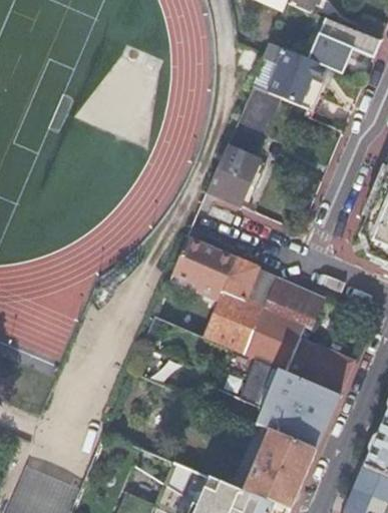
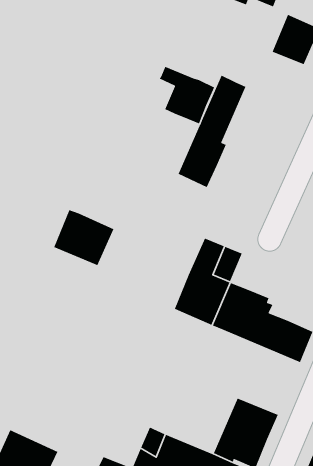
building: [264,44,325,107] -> [158,66,215,124]
building: [169,237,236,299] -> [53,209,114,266]
building: [264,276,325,327] -> none
building: [240,359,339,449] -> none

